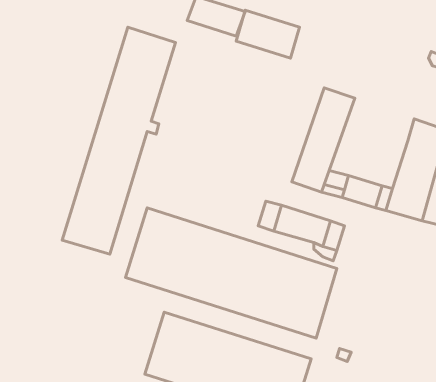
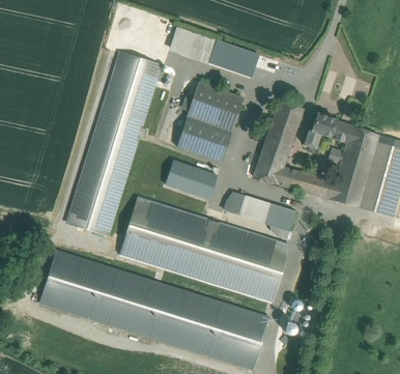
building: none -> [176,82,244,162]
building: none -> [304,113,351,148]
building: none -> [176,169,221,199]
building: none -> [39,251,150,330]

